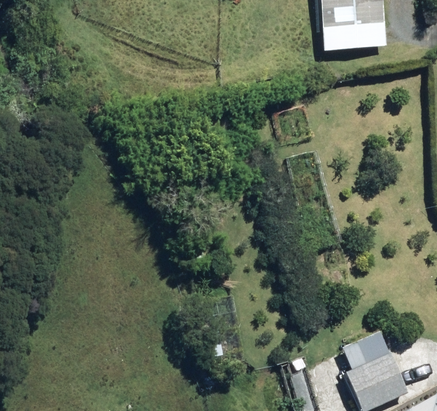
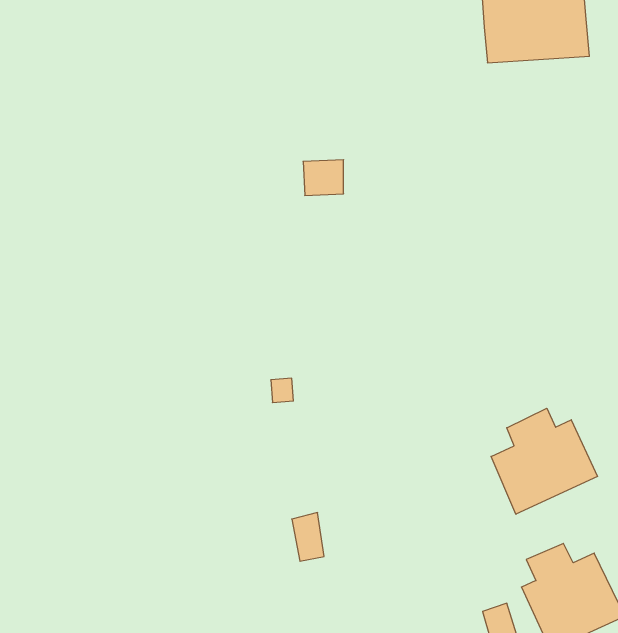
building: none -> [491,408,597,514]

